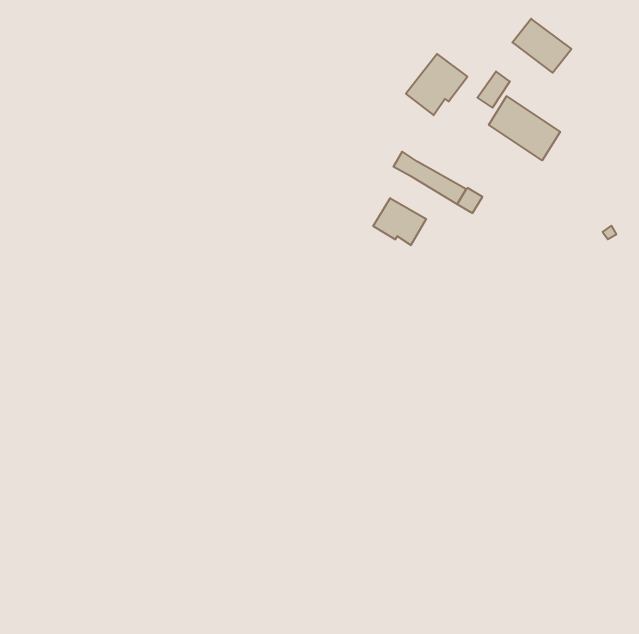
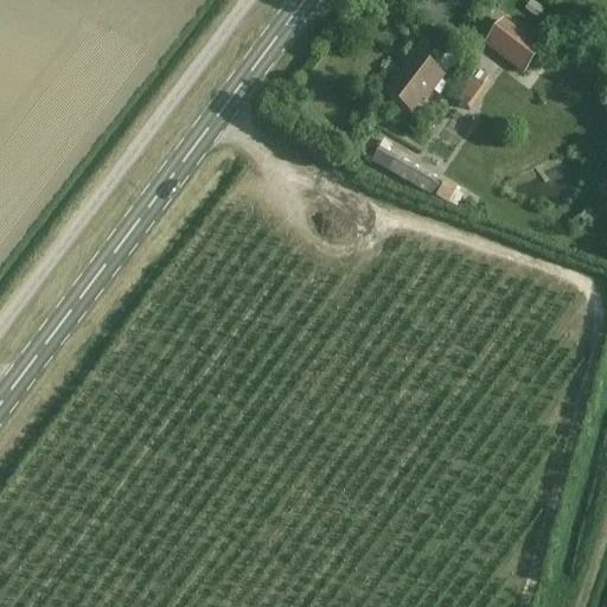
building: [489,96,560,160] -> none
building: [373,198,426,245] -> none

